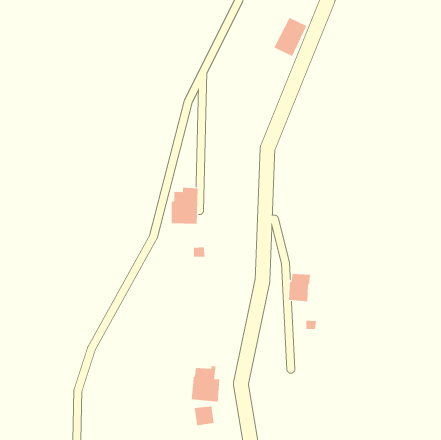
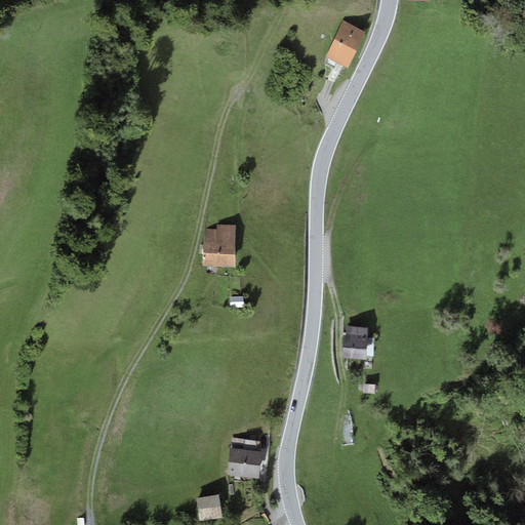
building: [194,406,215,426] -> [198,495,223,519]

